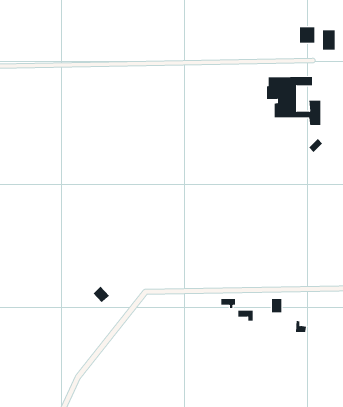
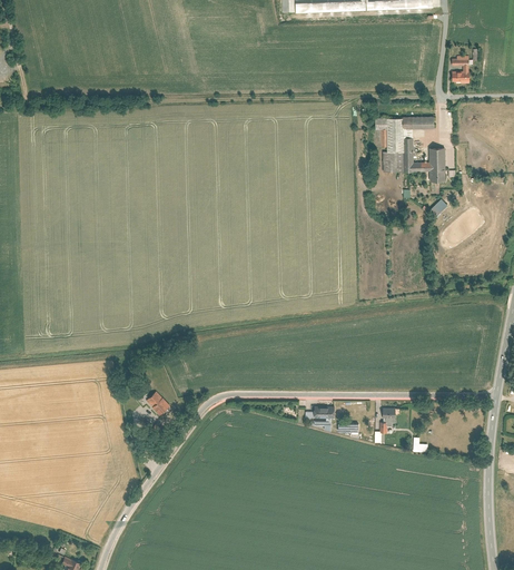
building: [300,27,315,43] -> none

